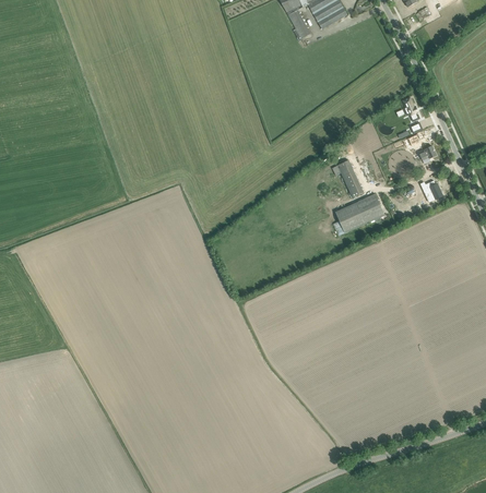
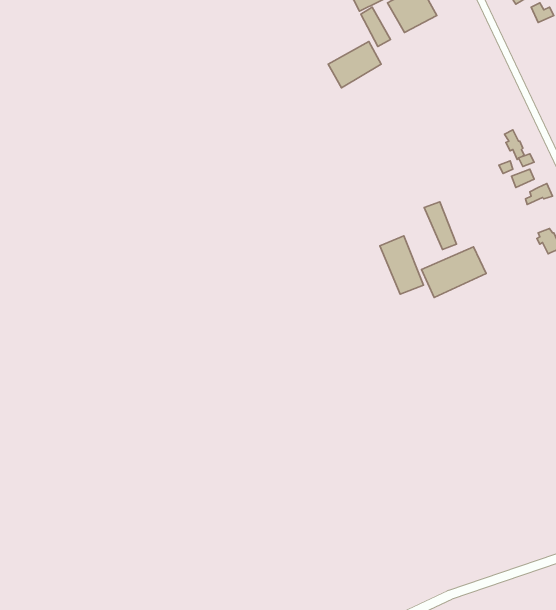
building: none -> [328,42,381,88]
building: none -> [380,236,423,294]

